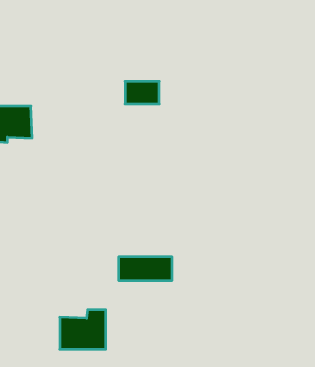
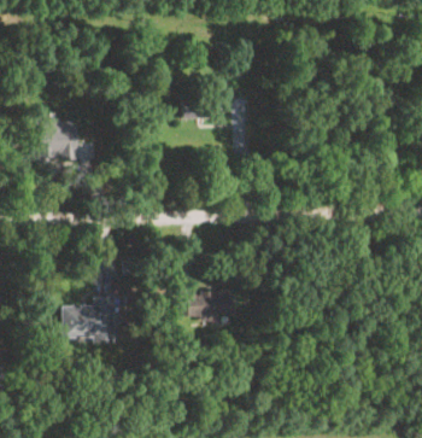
building: [60,310,106,349] -> [64,297,116,341]

